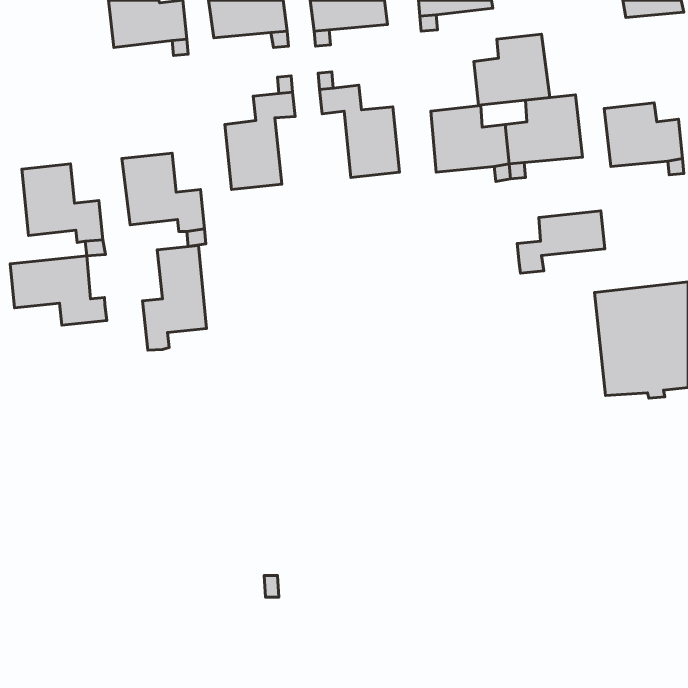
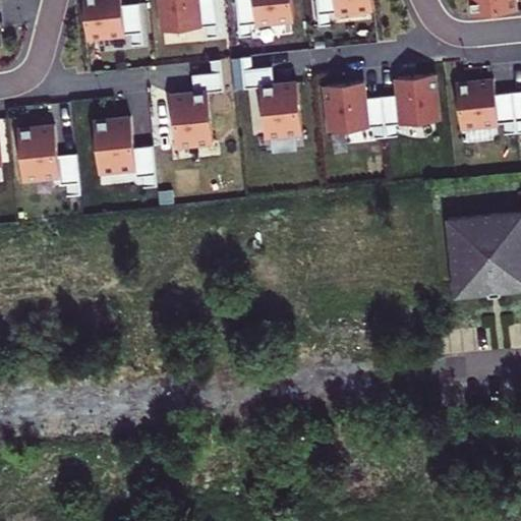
building: [474,34,550,105] -> none
building: [517,211,605,273] -> none
building: [142,245,207,350] -> none
building: [10,256,107,325] -> none

